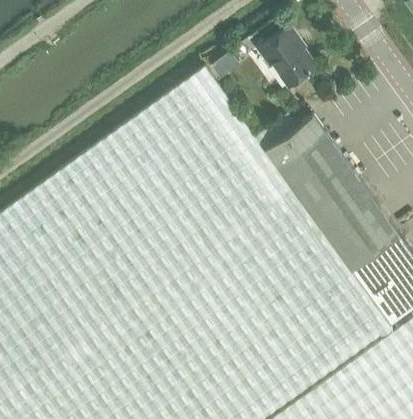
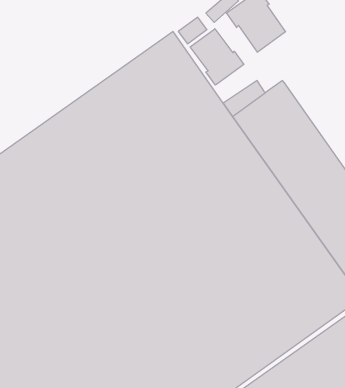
building: none -> [190,29,244,85]

